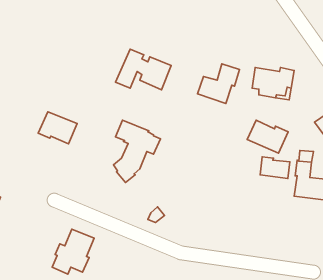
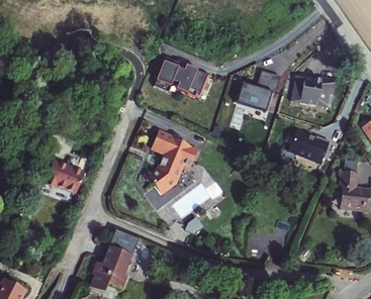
building: [38,112,77,144] -> [42,160,83,193]
building: [260,157,290,178] -> none

